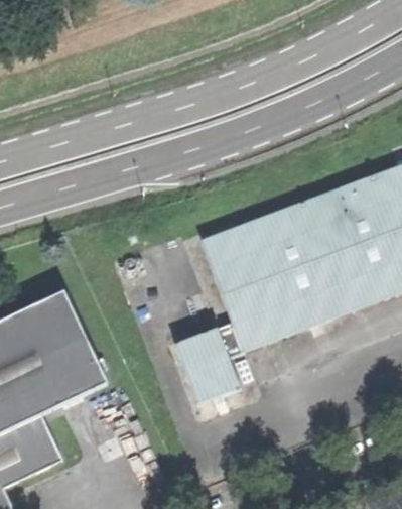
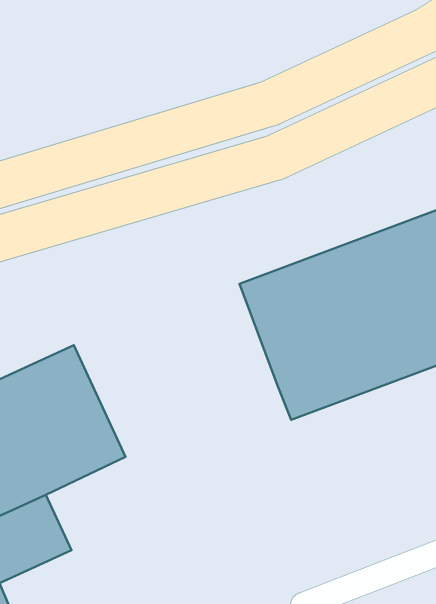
building: [174,324,243,407] -> none

